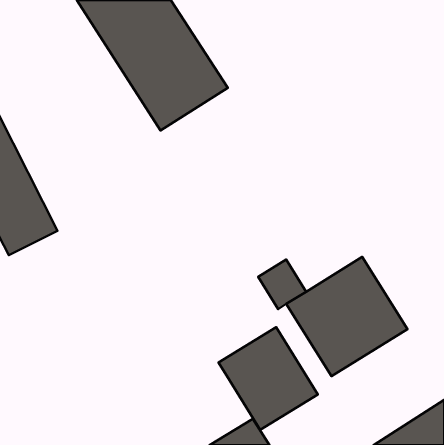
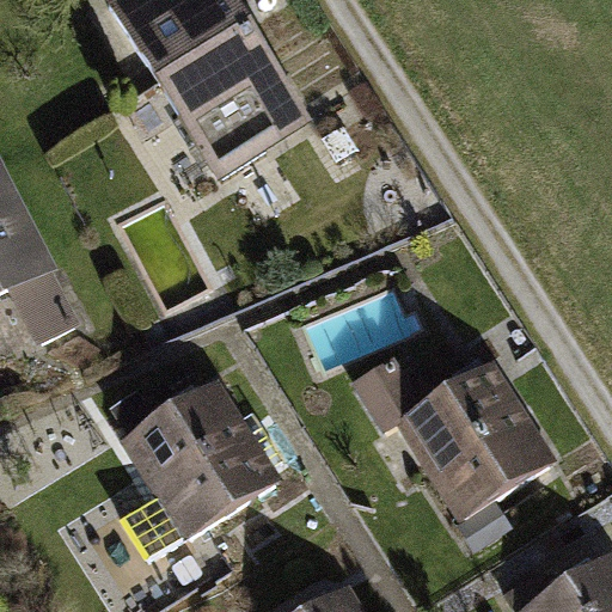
building: none -> [88,375,280,579]
building: [218,327,318,430] -> none

